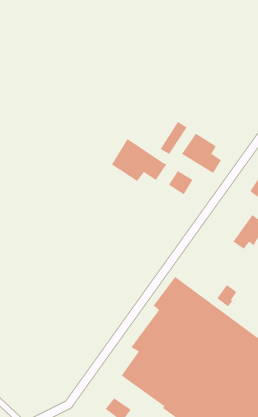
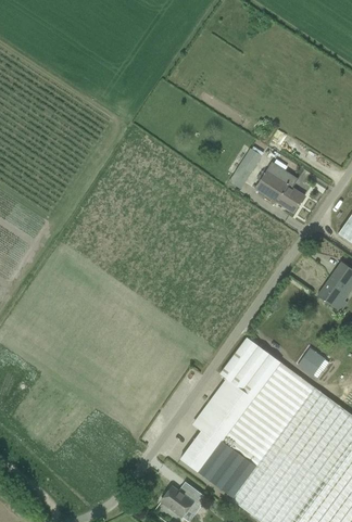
building: [111,138,167,182] -> none
building: [168,170,193,195] -> none

